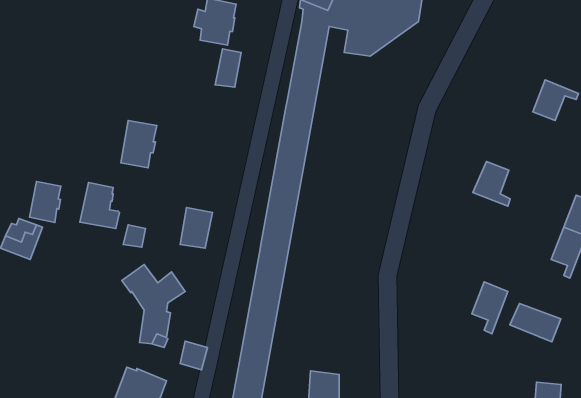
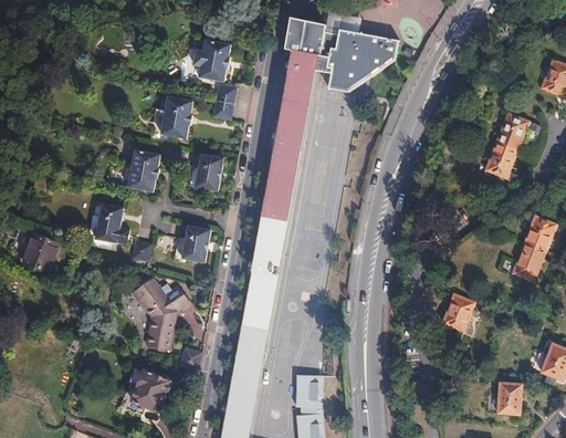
building: none -> [160,97,193,138]
building: none -> [195,155,223,190]
building: [473,162,510,206] -> [483,142,516,181]
building: [29,182,61,222] -> none
building: [510,304,561,342] -> none

